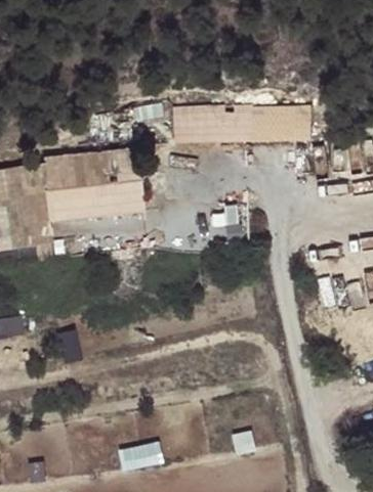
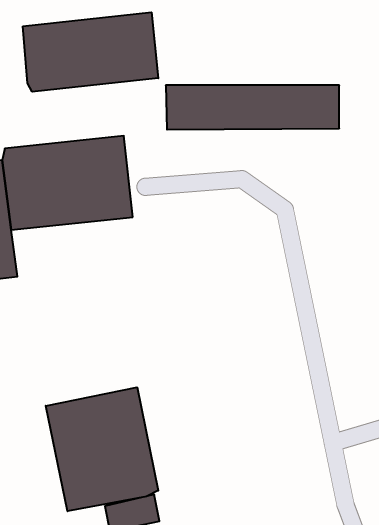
building: none -> [23,12,158,92]
building: none -> [46,387,158,511]

